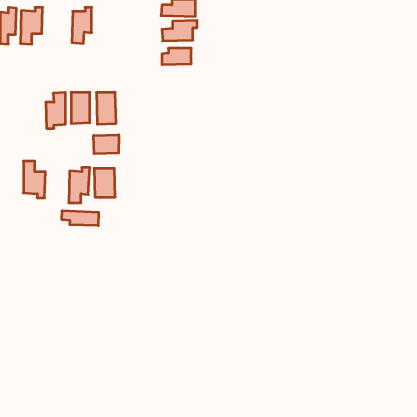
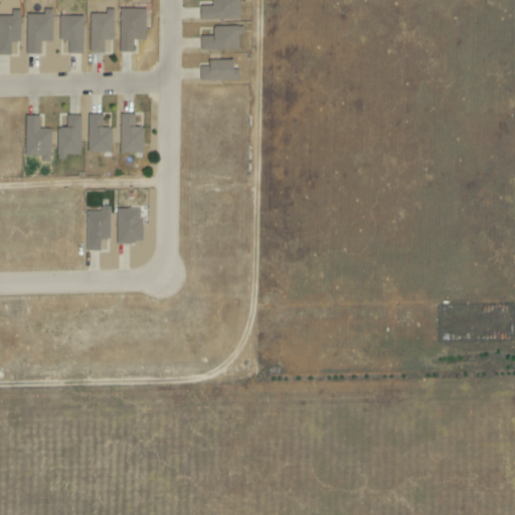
building: none -> [120,8,146,52]
building: none -> [59,16,83,53]
building: [94,135,119,154] -> none
building: [23,161,45,198] -> [25,115,52,160]
building: [62,211,99,226] -> none

